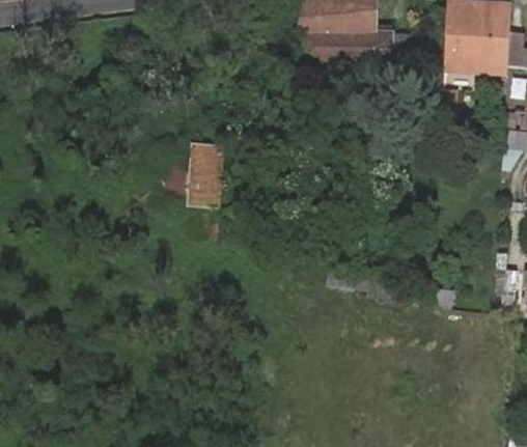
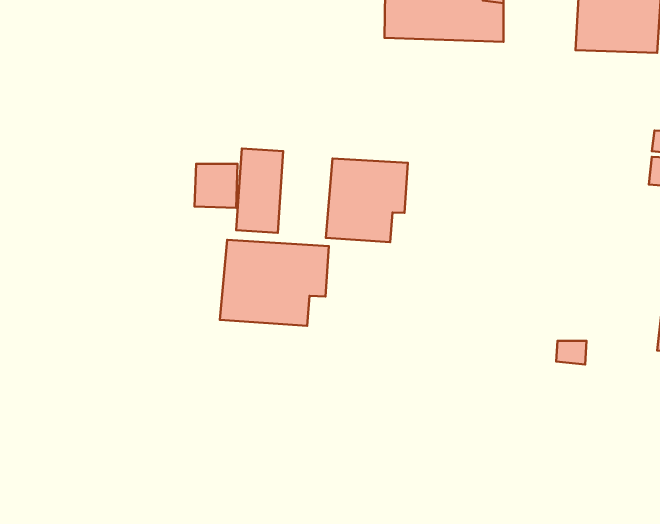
building: none -> [326,158,408,242]
building: none -> [220,240,329,326]

